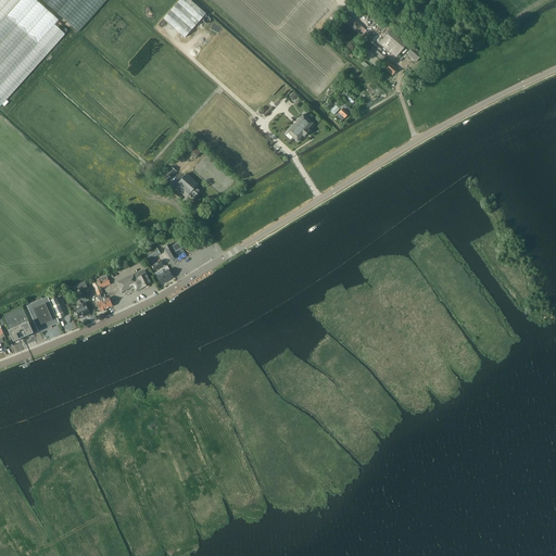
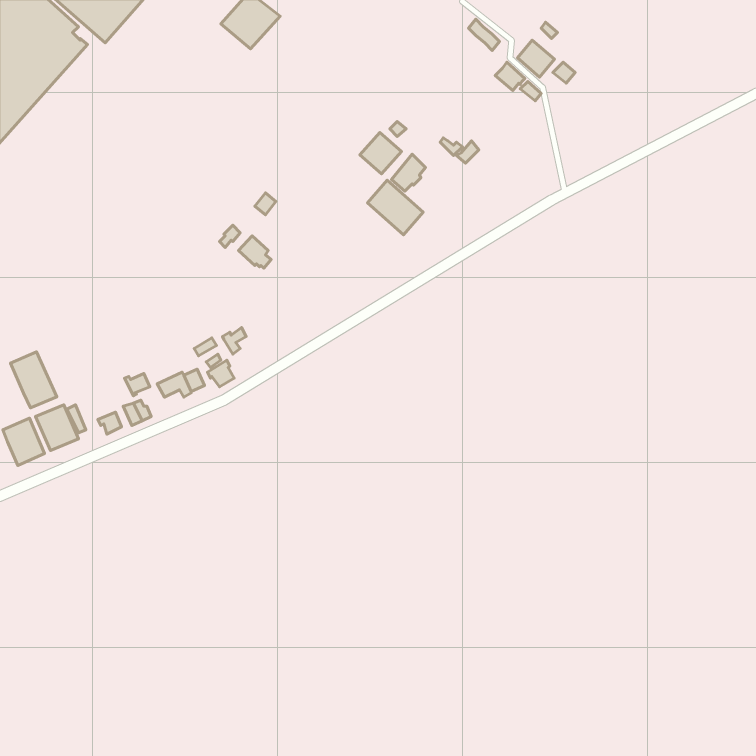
building: none -> [360,132,402,174]
building: none -> [368,180,423,235]
building: none -> [10,352,57,408]

